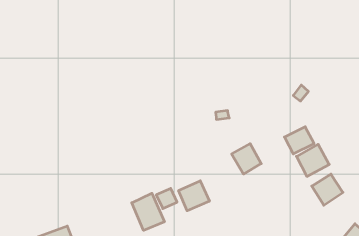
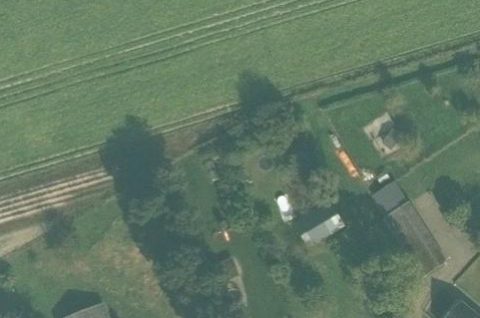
building: [179,181,209,211] -> none
building: [132,193,164,230] -> none

